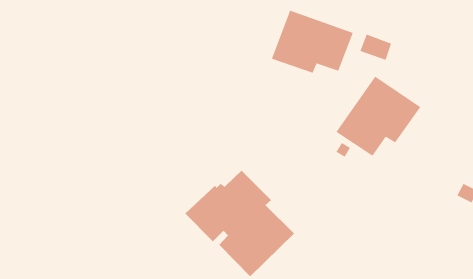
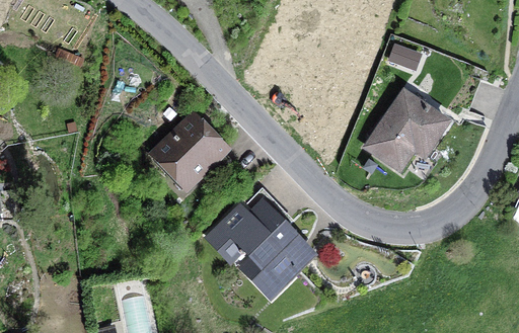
building: [271,10,353,74] -> none
building: none -> [148,108,232,193]

